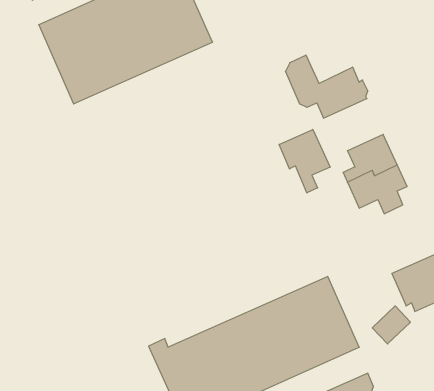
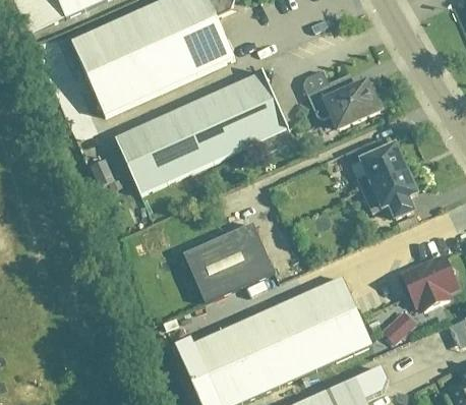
building: none -> [115,70,288,193]
building: [279,129,330,193] -> none
building: none -> [183,222,274,302]

